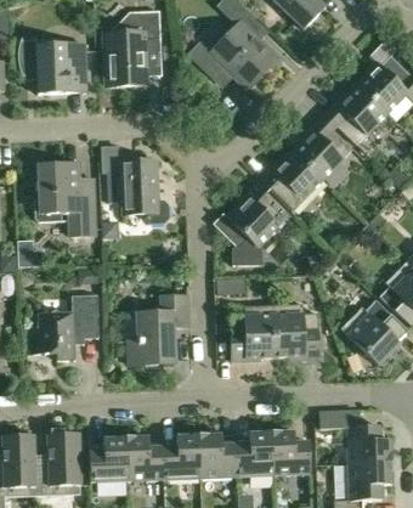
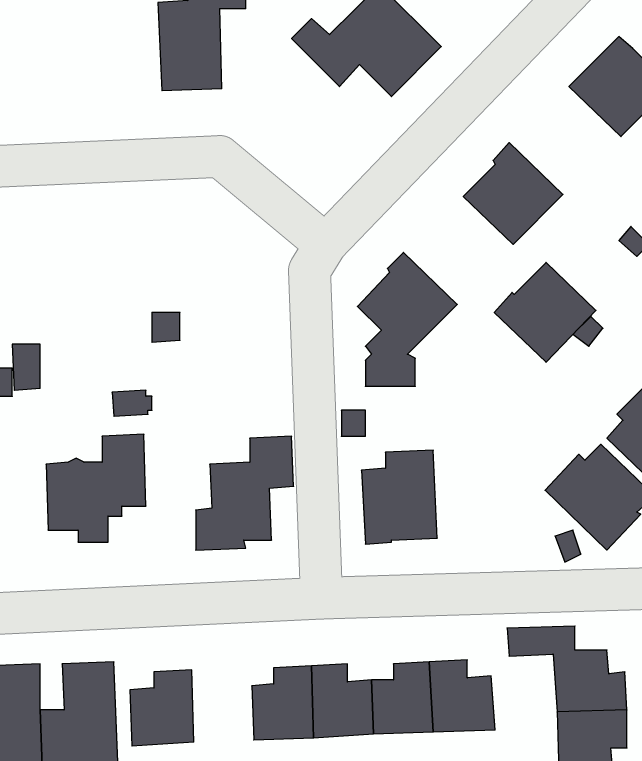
building: [17,36,86,94] -> none
building: [324,83,387,143] -> none
building: [260,149,322,210] -> [494,262,596,362]
building: [107,160,166,222] -> none
building: [35,164,97,237] -> none
building: [273,304,319,359] -> none
building: [126,438,164,481] -> none

